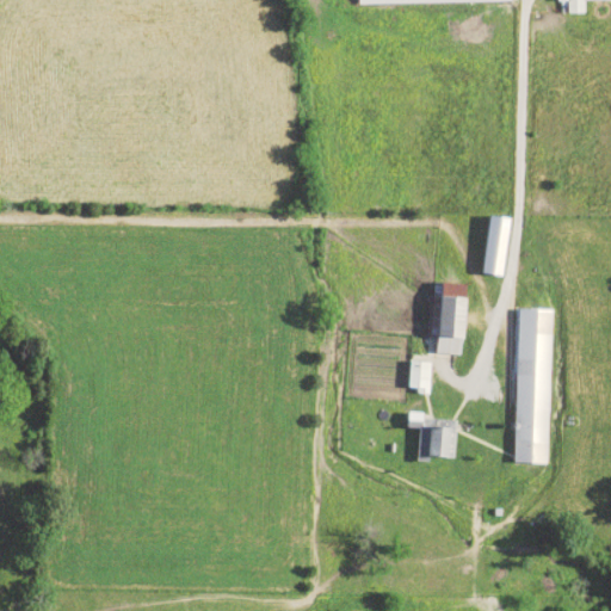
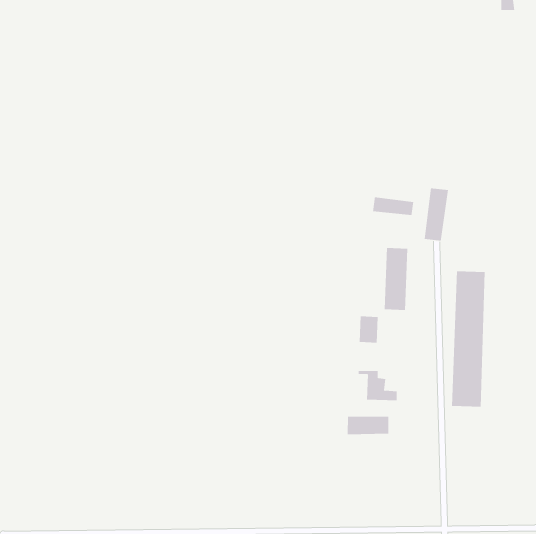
building: none -> [373,197,414,216]
building: none -> [347,416,389,435]

